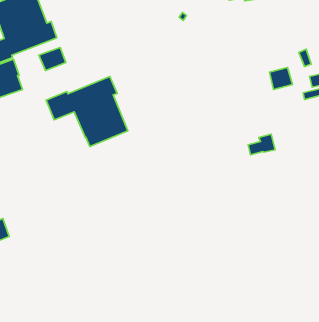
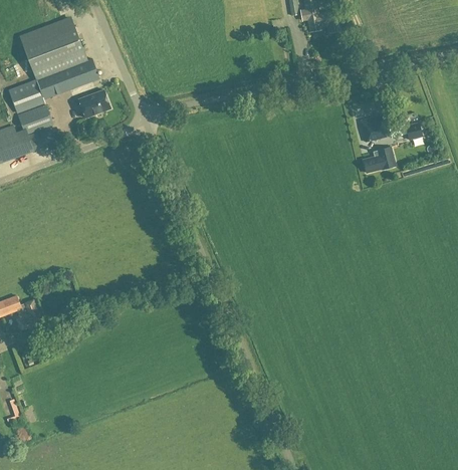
building: [46,77,128,146] -> none
building: [248,134,275,155] -> [362,147,395,172]

